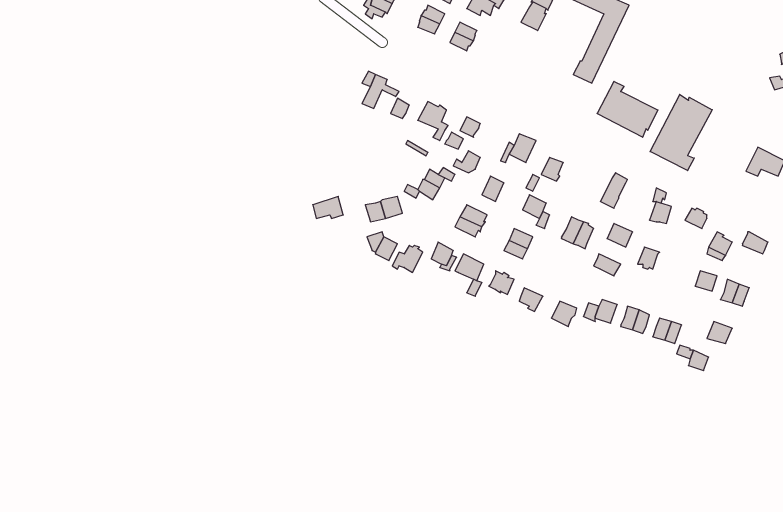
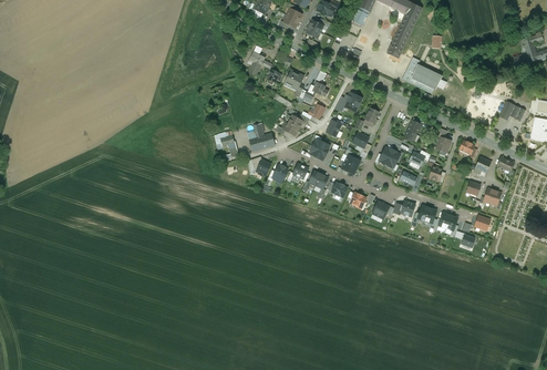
building: [650,94,712,171] -> none

